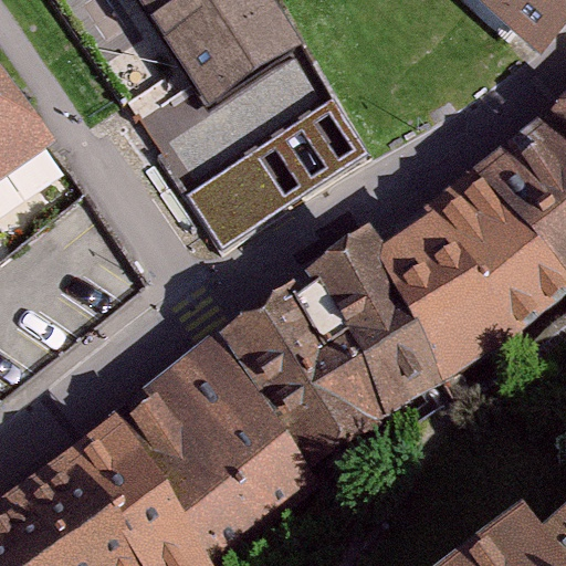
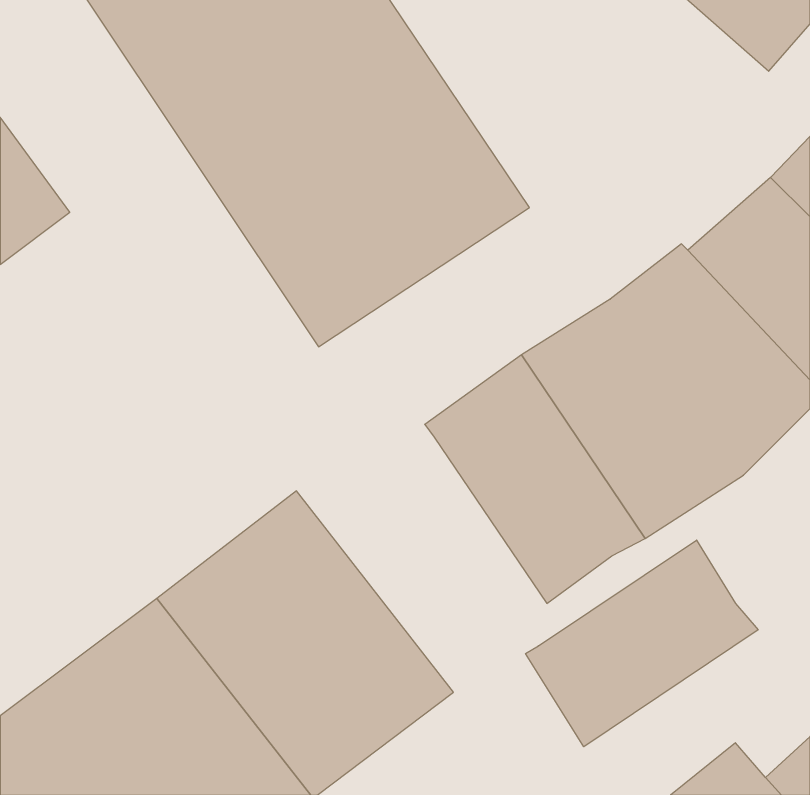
building: [222,291,381,464] -> none
building: none -> [526,540,758,747]

